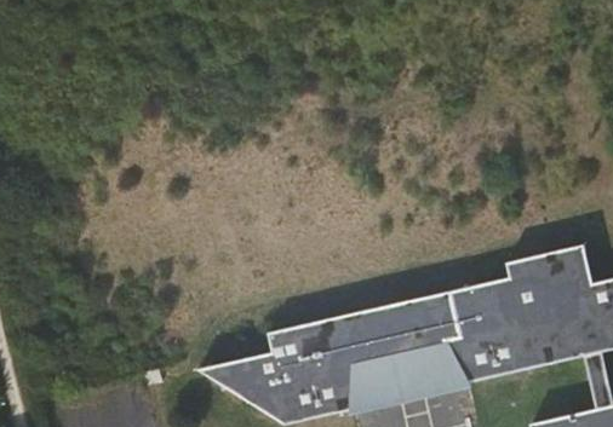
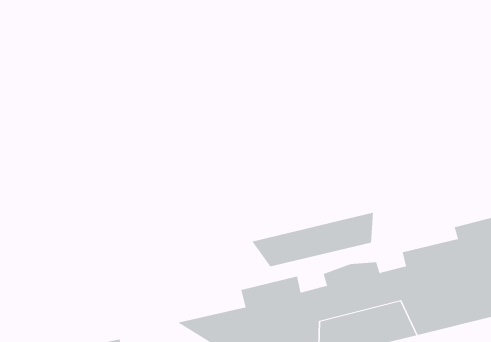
building: none -> [251,212,374,267]

